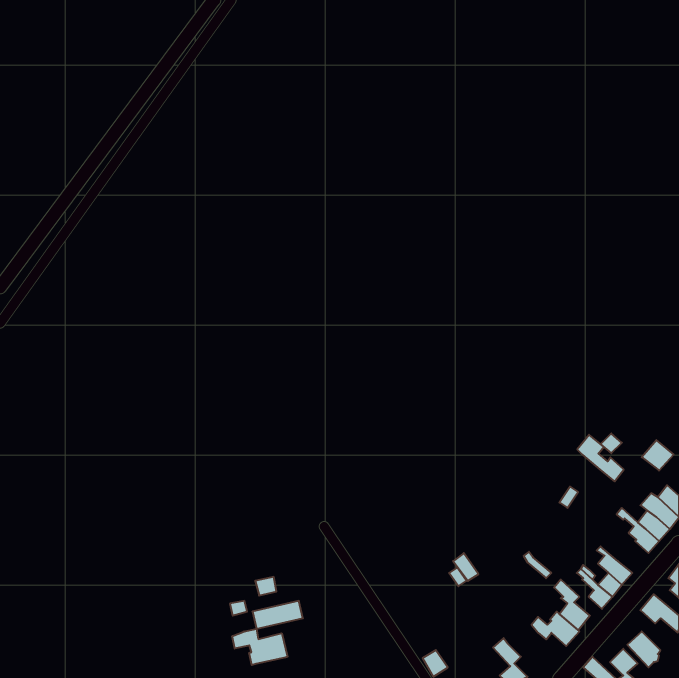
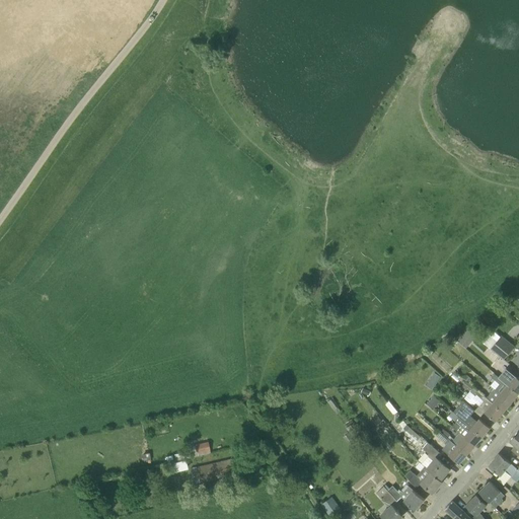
building: [577,435,624,481] -> [454,402,490,438]
building: [232,629,288,665] -> none
building: none -> [387,487,425,512]

